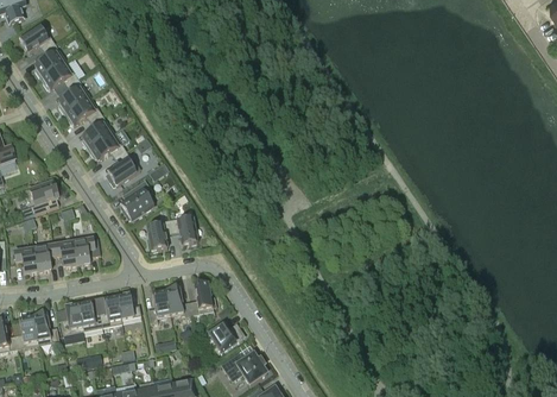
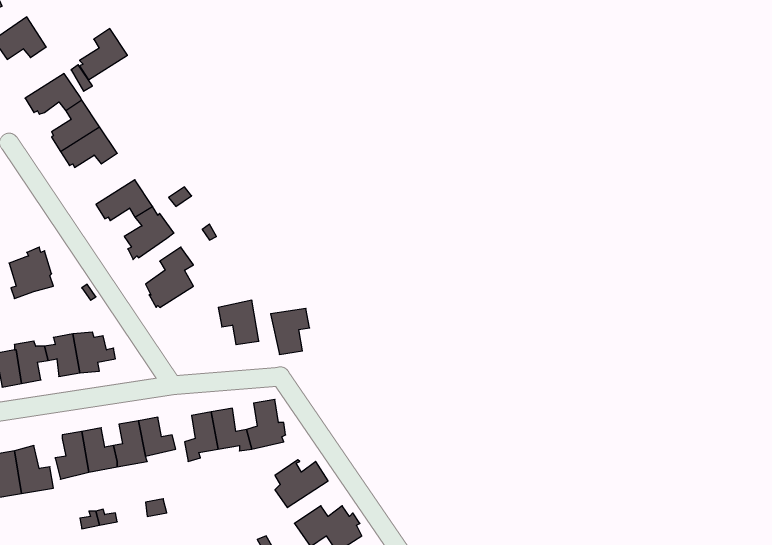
building: [33,45,65,80] -> [80,29,127,80]
building: [81,116,113,151] -> none
building: [145,220,171,251] -> [271,308,310,354]

